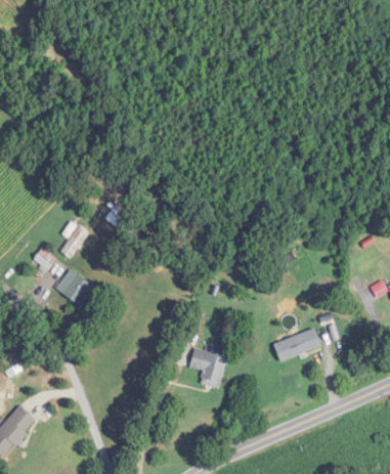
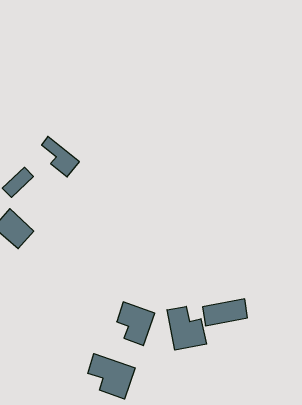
building: none -> [167,306,207,350]
building: none -> [88,354,135,399]

